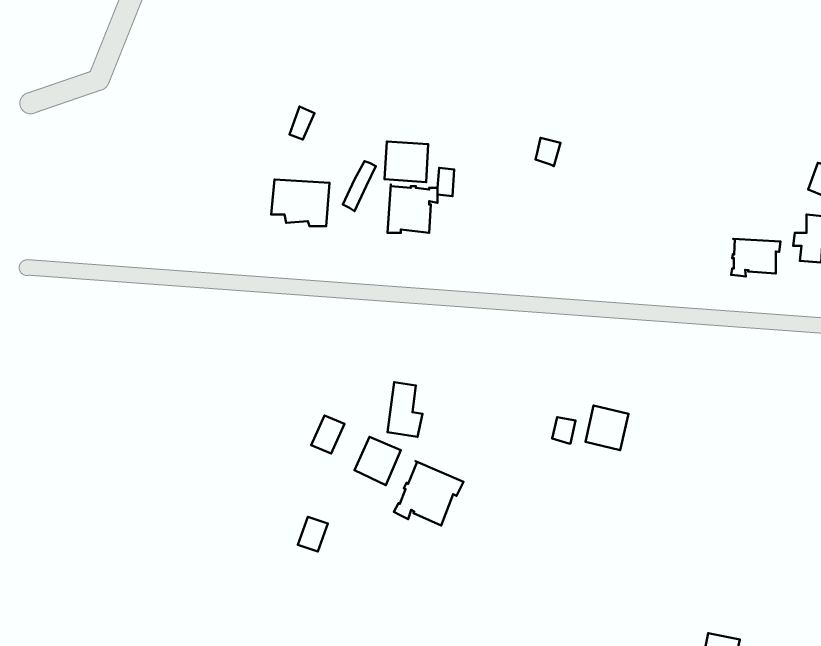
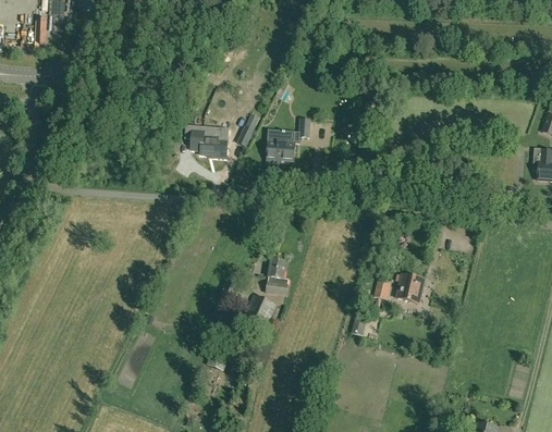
building: [385,141,428,182] -> none
building: [731,239,781,276] -> none
building: [394,461,463,525] -> none

